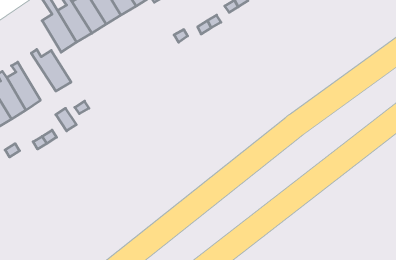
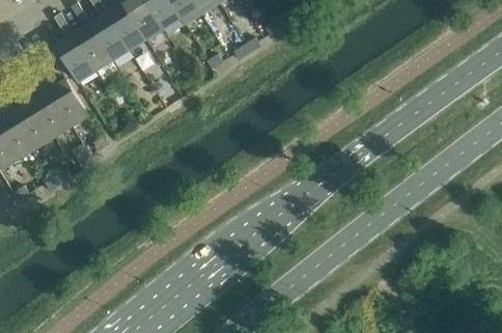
building: none -> [31,82,71,136]

